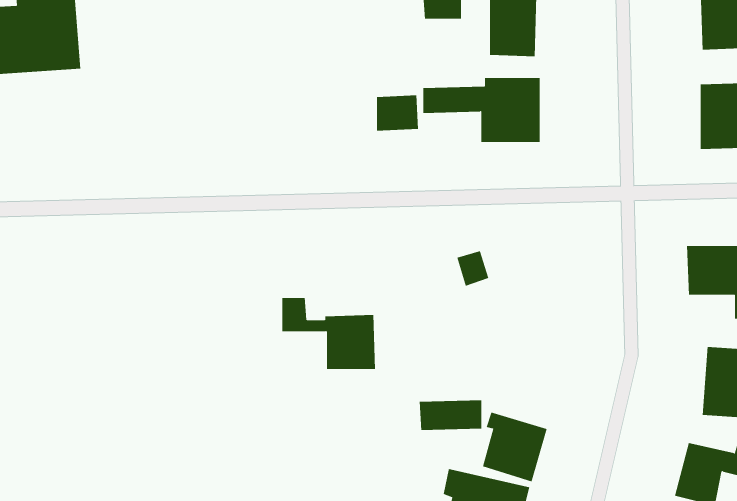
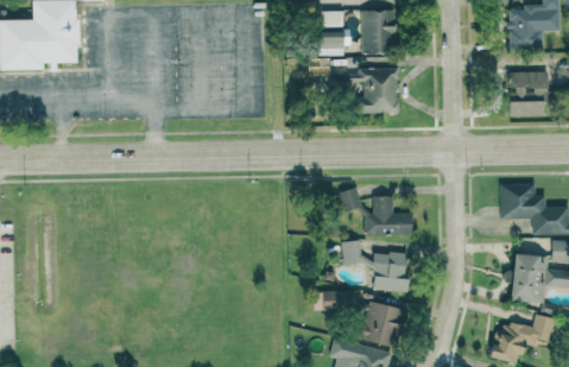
building: [376,95,419,131] -> [315,31,344,56]
building: none -> [365,196,411,236]
building: [282,297,376,369] -> [343,241,409,291]

